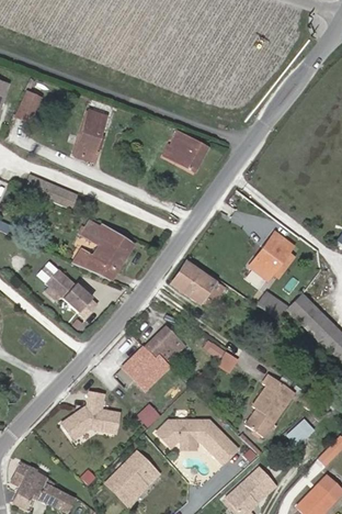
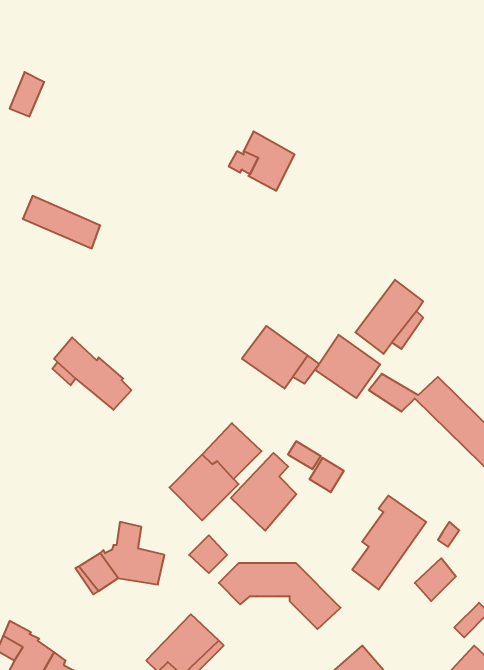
building: [75,110,107,161] -> none
building: [72,220,134,280] -> none
building: none -> [315,335,380,398]
building: none -> [231,453,296,531]

